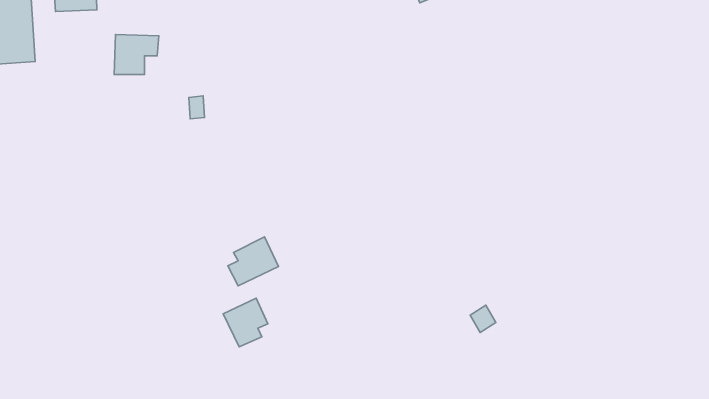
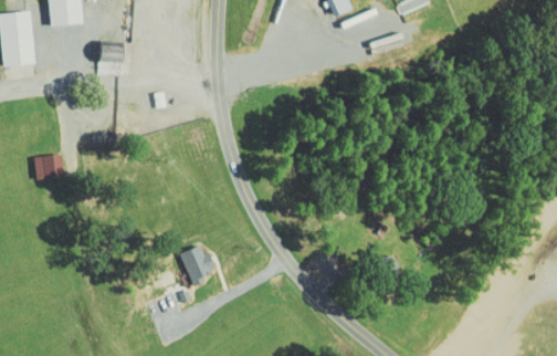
building: none -> [32,151,64,180]
building: [228,237,279,286] -> none

